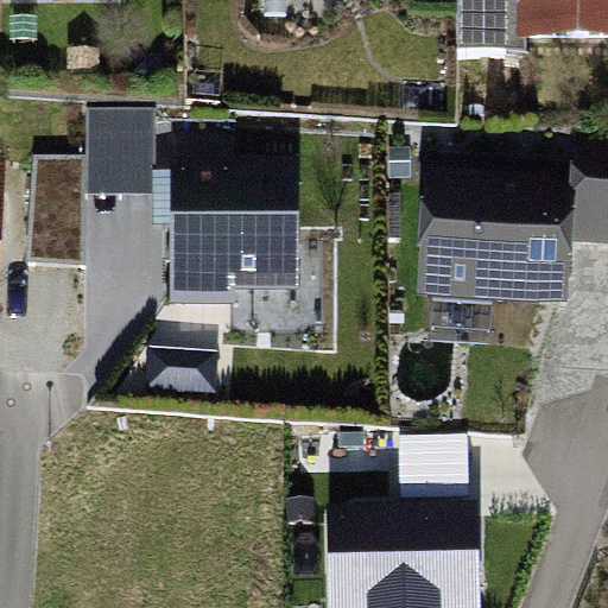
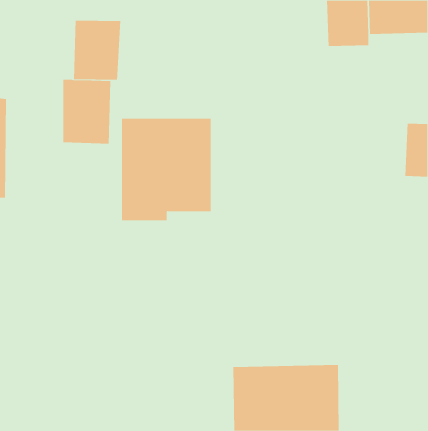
building: none -> [74,20,121,80]
building: [28,158,87,272] -> none
building: [418,173,571,310] -> none

